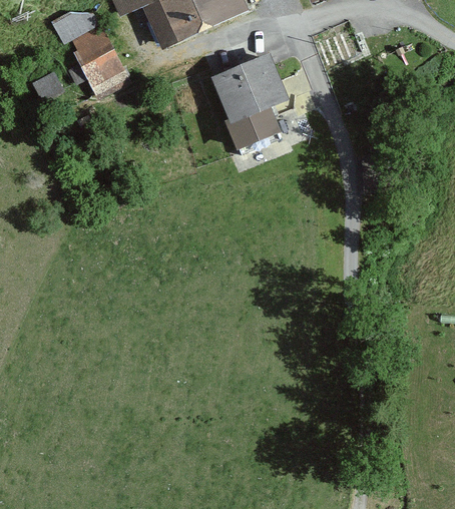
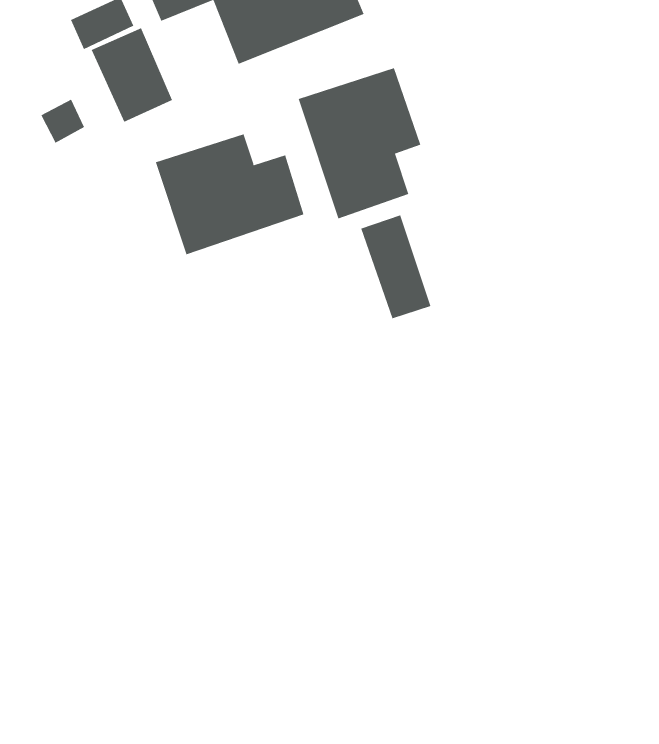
building: none -> [155,133,304,255]
building: none -> [361,214,431,319]

